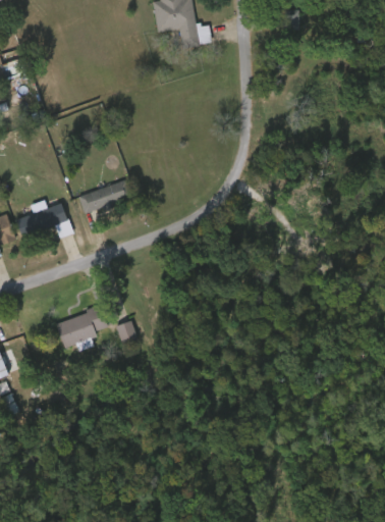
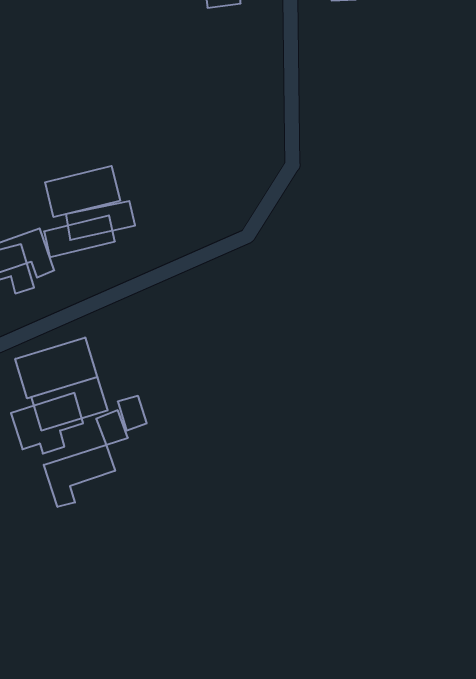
building: none -> [45,166,120,217]
building: none -> [15,337,97,398]
building: none -> [44,445,115,507]

